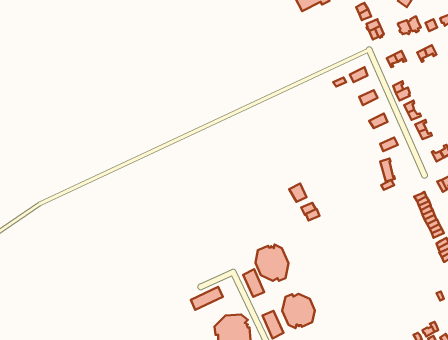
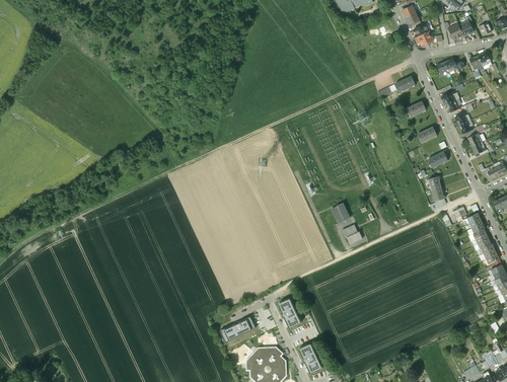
building: [255,244,289,281] -> none
building: [282,294,315,328] -> none

